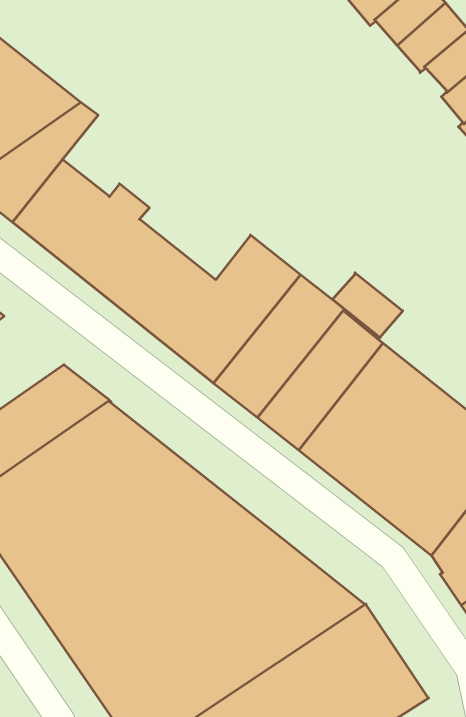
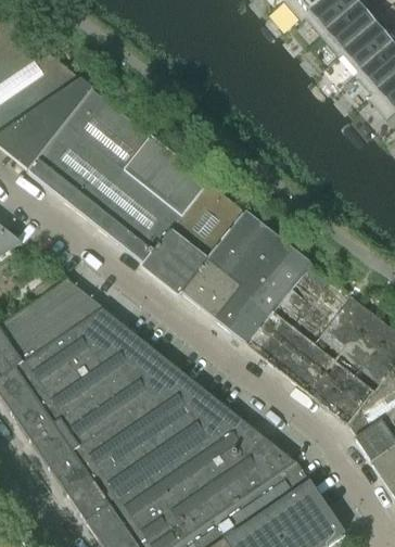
building: none -> [65,88,208,213]
building: [332,273,403,338] -> none

